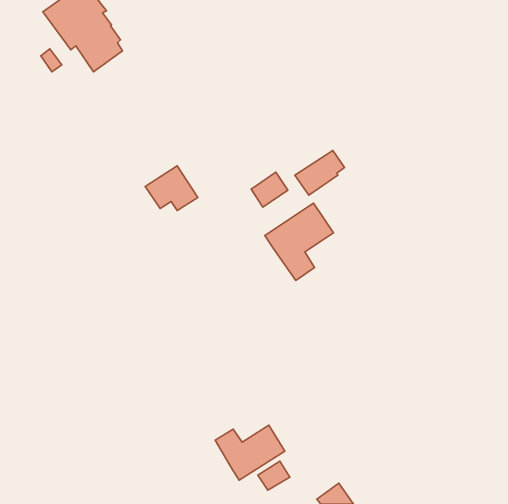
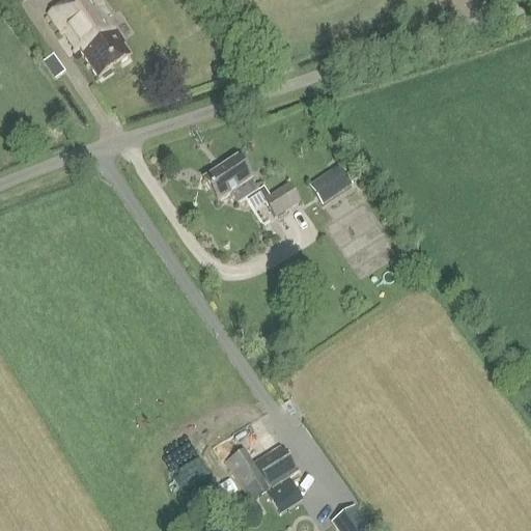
building: [145,166,198,211] -> [204,155,259,201]
building: [265,203,334,280] -> none

